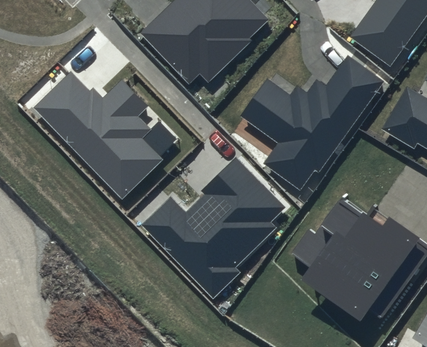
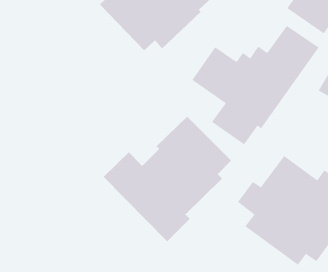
building: [35,73,162,197] -> none

